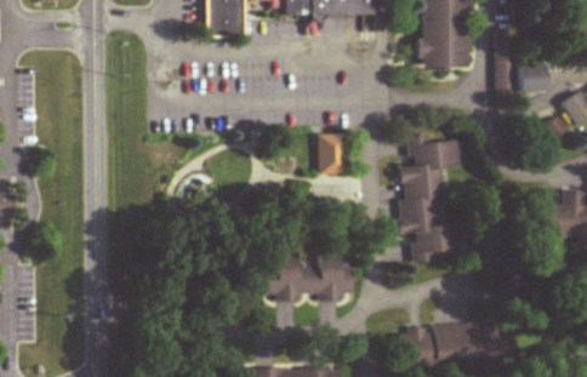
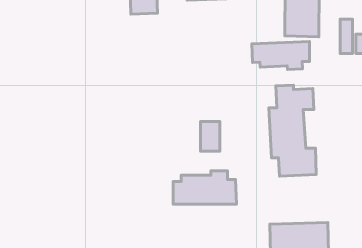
building: none -> [252,41,310,69]
building: [320,133,347,175] -> [200,121,220,151]

